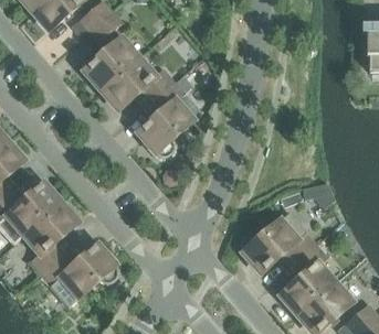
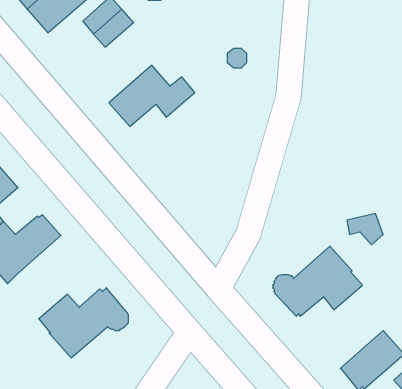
building: [85,37,137,89] -> none
building: [139,74,196,155] -> none
building: [23,202,81,272] -> none
building: [280,244,334,314] -> none

